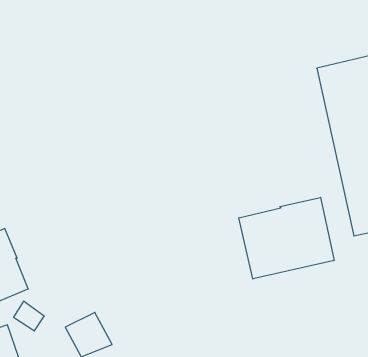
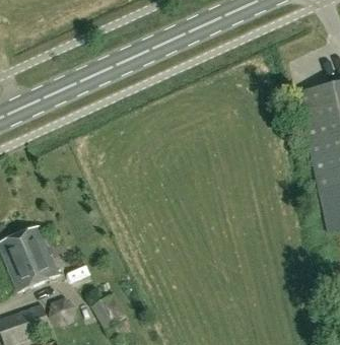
building: [239,197,334,279] -> none

